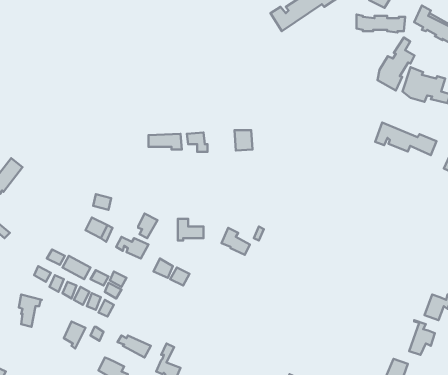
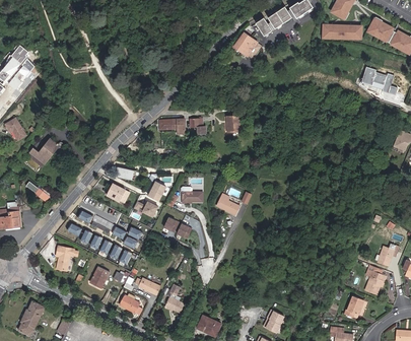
building: none -> [233,32,262,59]
building: [377,37,415,90] -> none
building: [375,122,436,155] -> none

